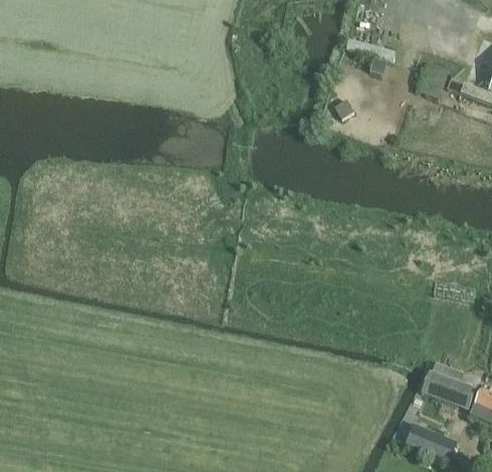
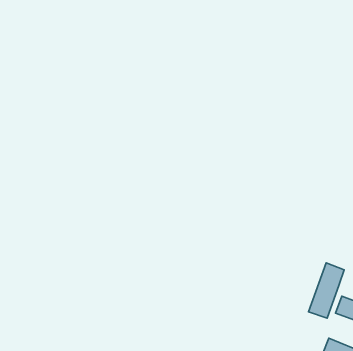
building: none -> [308,263,344,318]

